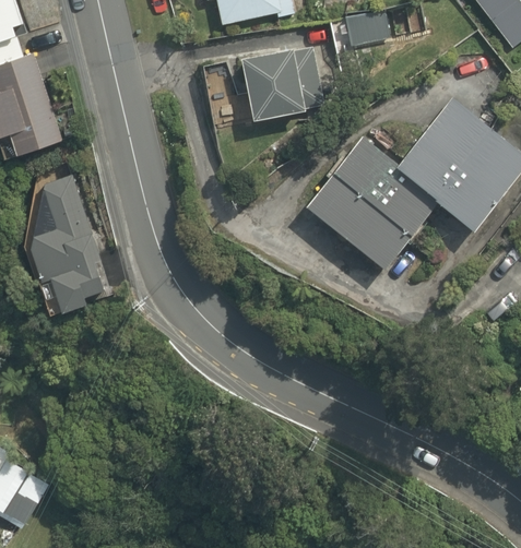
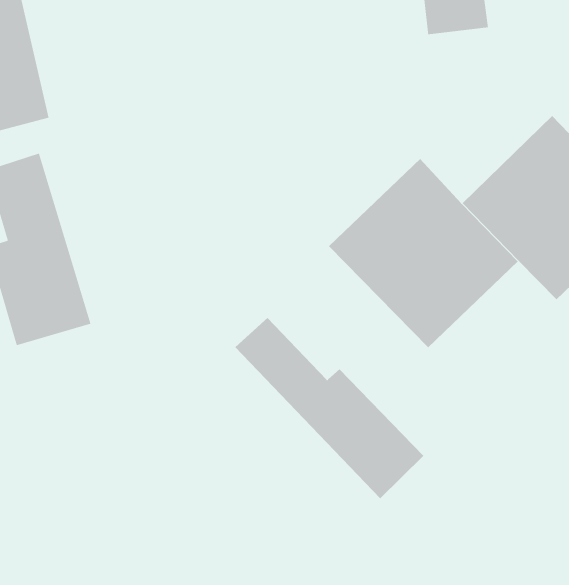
building: [230,48,327,119] -> none
building: none -> [234,317,424,499]

